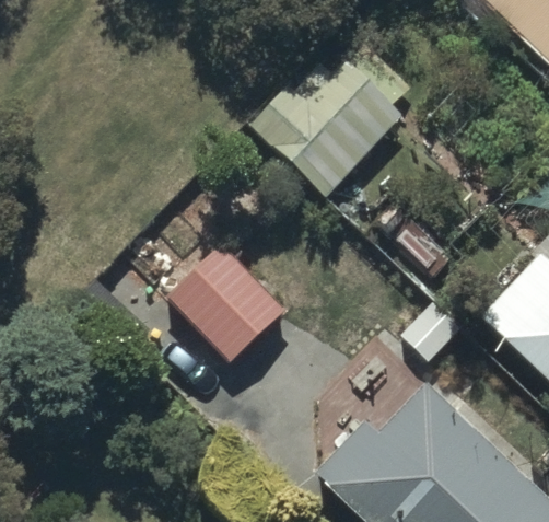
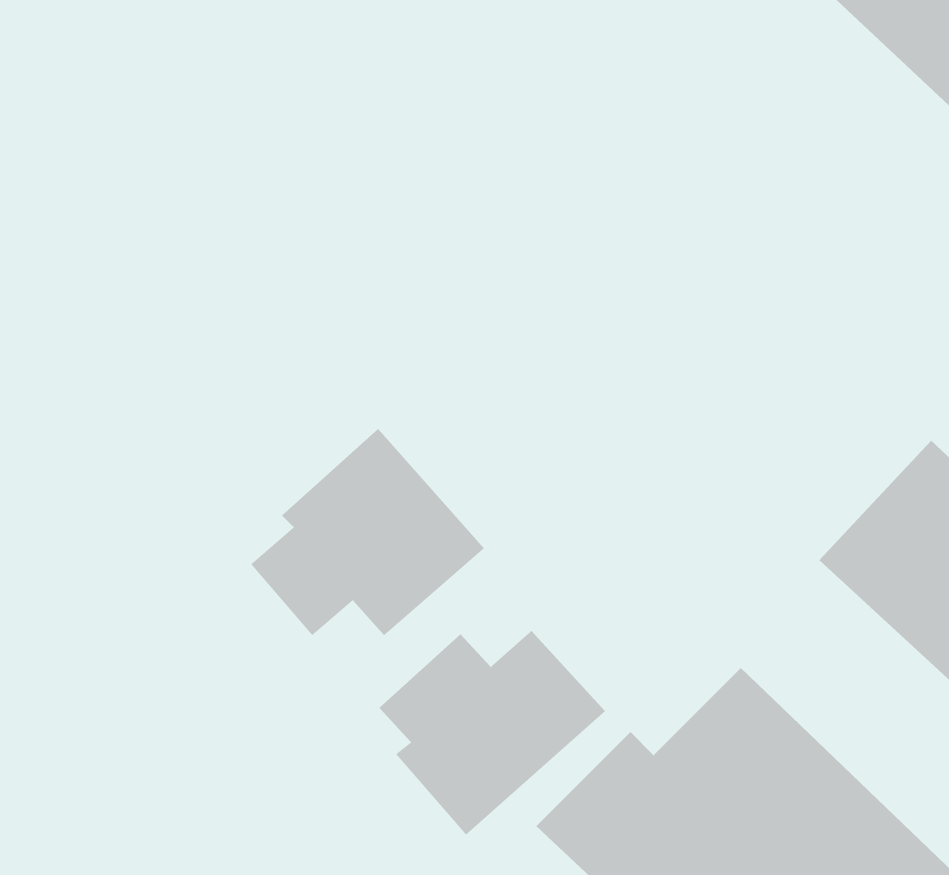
building: [250,43,417,188] -> none
building: none -> [378,630,606,836]

